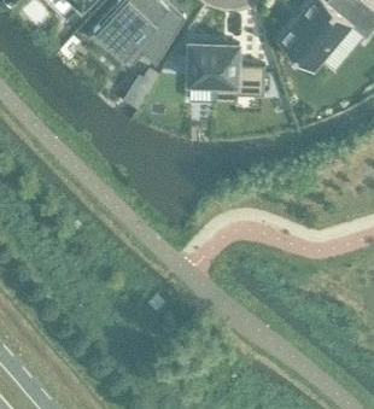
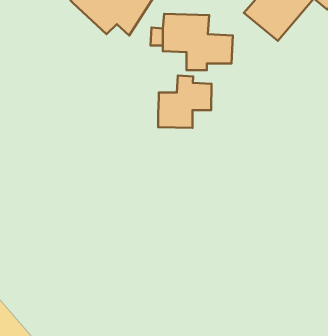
building: none -> [158,76,212,128]

